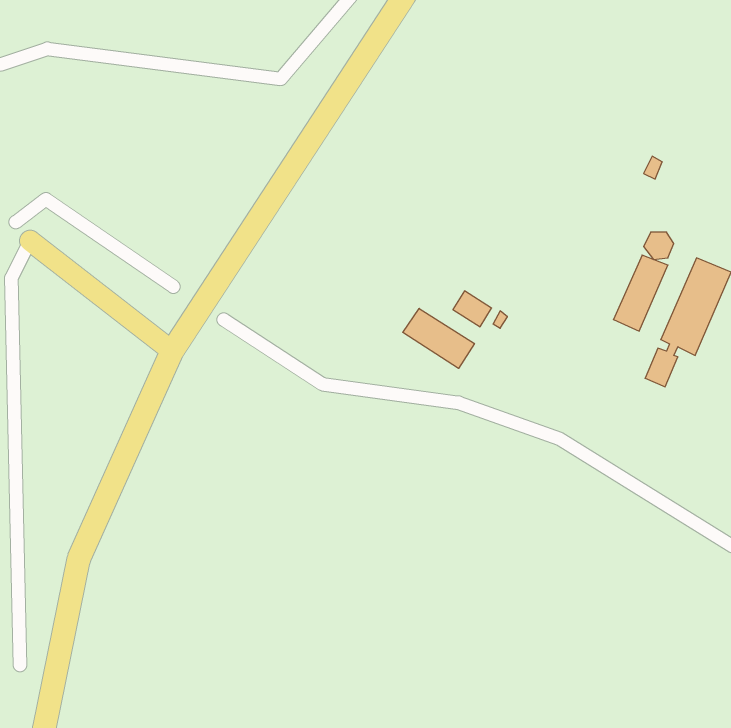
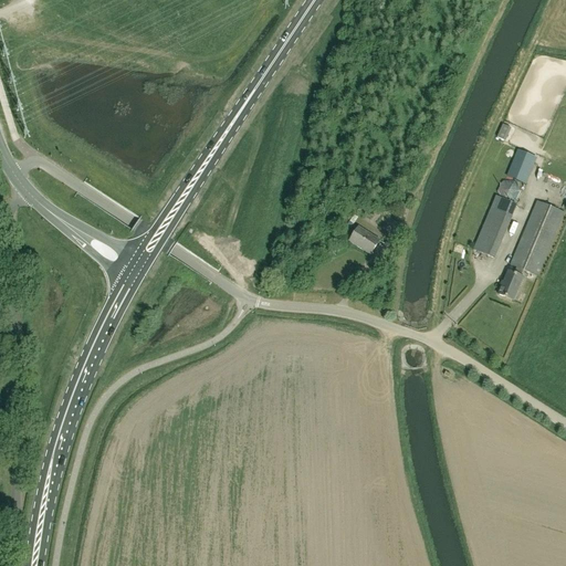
building: none -> [509,150,537,181]
building: [403,308,474,368] -> none

